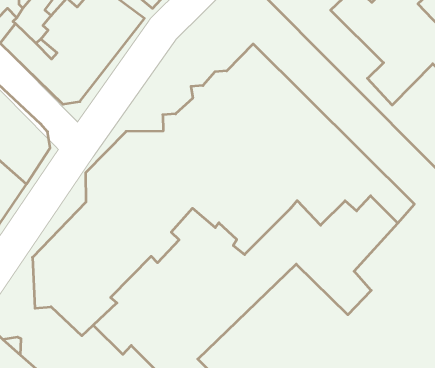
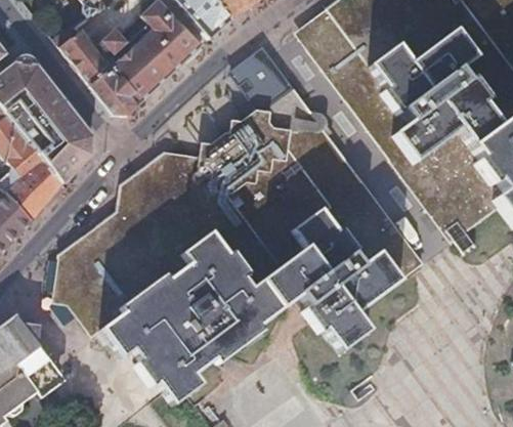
building: none -> [229,44,296,108]

